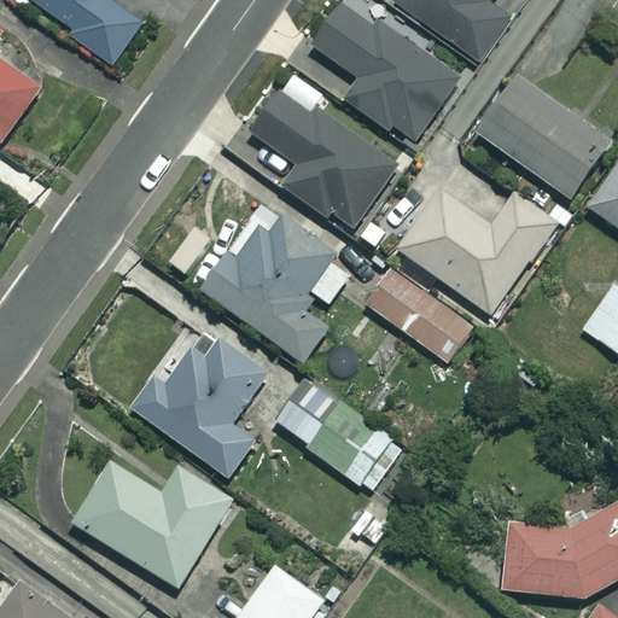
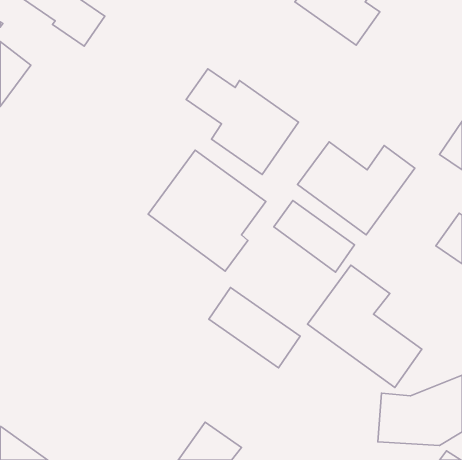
building: [311,7,457,145] -> none
building: [476,77,606,197] -> none
building: [132,338,264,476] -> none
building: none -> [307,265,422,387]
building: [70,459,233,589] -> none

